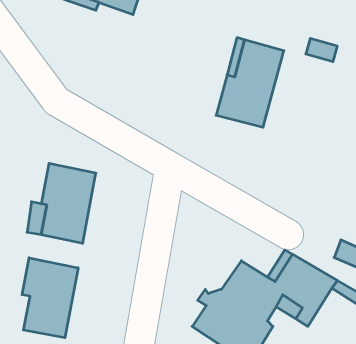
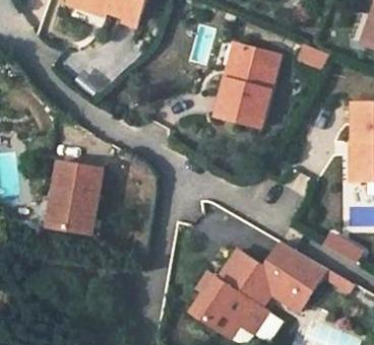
building: [22,258,78,338] -> none

